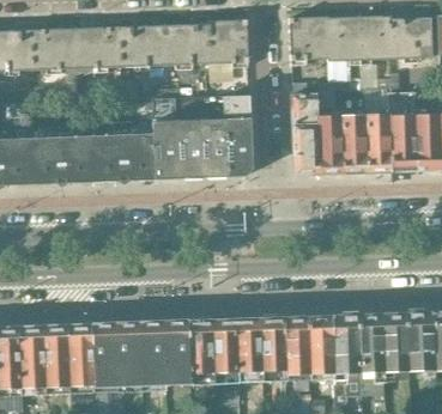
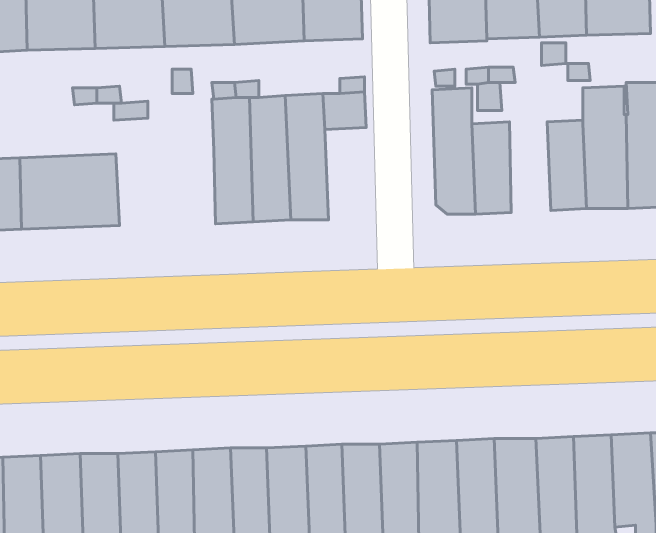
building: [343,115,369,172] -> none
building: [225,118,253,177] -> none
building: [92,121,156,181] -> none

